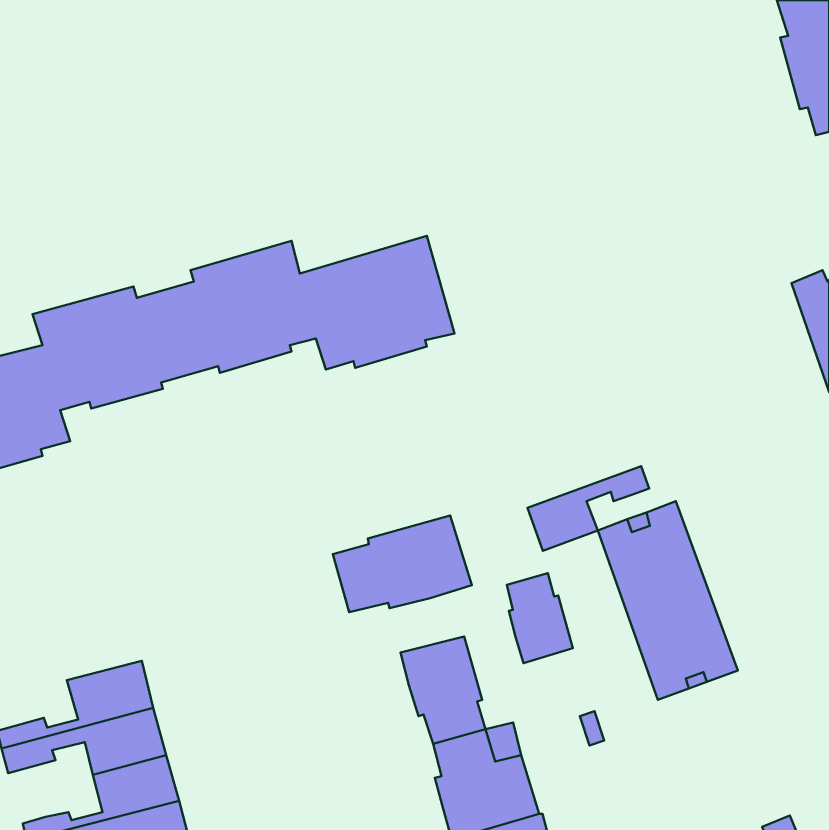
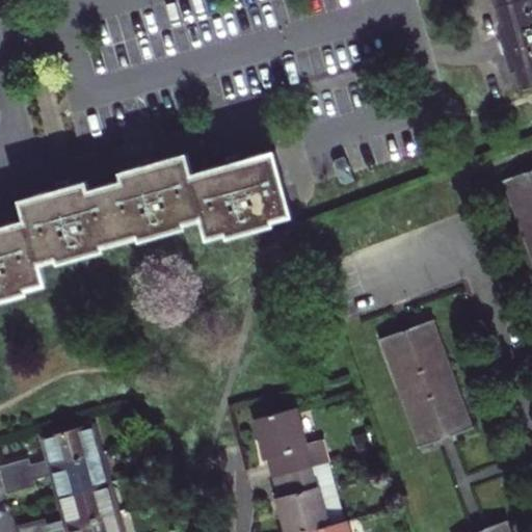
building: [527,466,649,551] -> none
building: [333,515,472,612] -> none
building: [507,573,573,663] -> none

